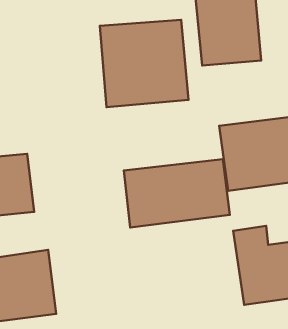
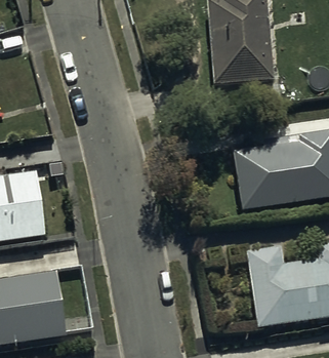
building: [100,20,188,107] -> none
building: [124,159,230,227] -> none

